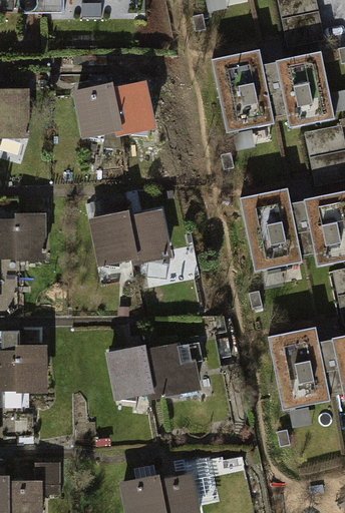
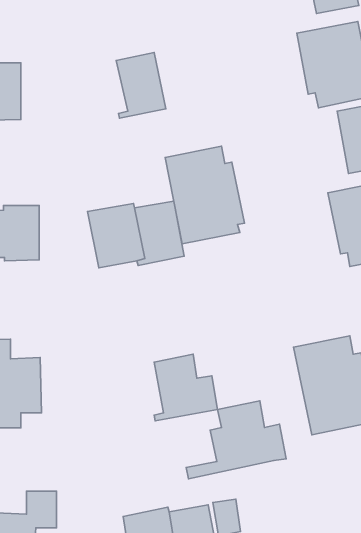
building: [211,48,280,133] -> none
building: [71,82,122,138] -> none
building: [239,187,308,273] -> [165,146,244,244]
building: [104,345,153,401] -> none
building: none -> [186,401,286,479]

